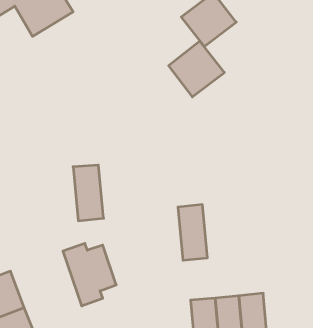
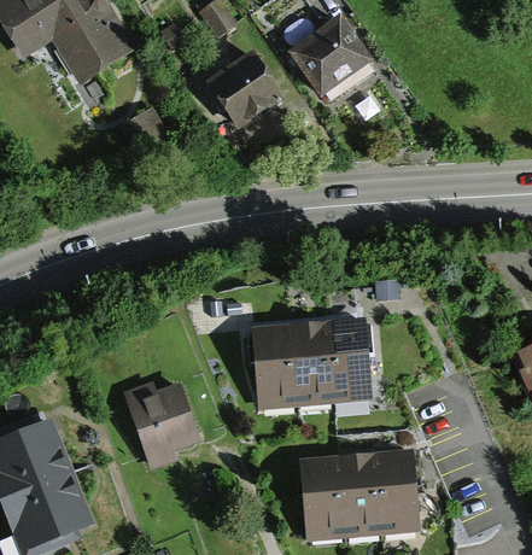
building: [169,41,224,97] -> [201,53,281,133]
building: [73,165,104,221] -> [251,327,294,407]
building: none -> [322,320,364,399]

